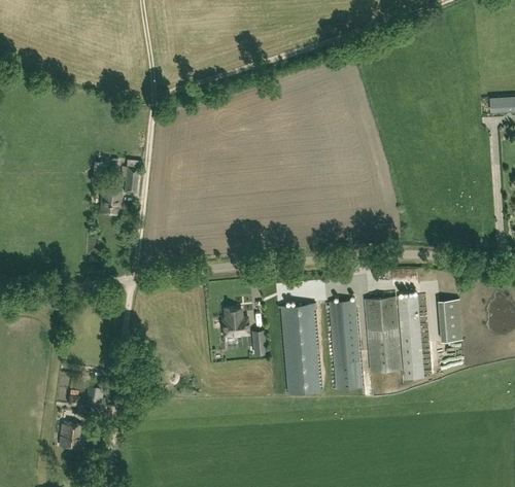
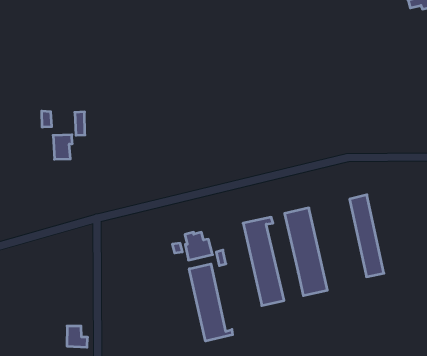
building: [366,298,402,373] -> none
building: [439,298,462,343] -> none
building: none -> [189,264,233,341]

